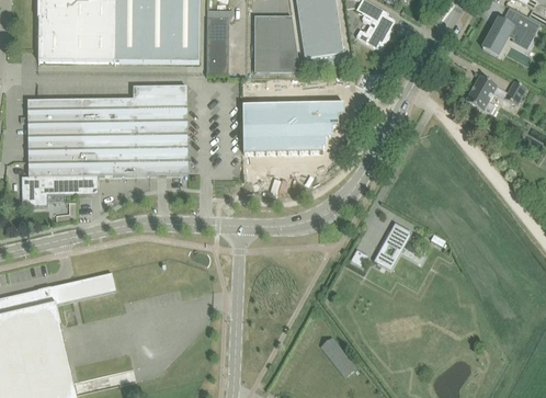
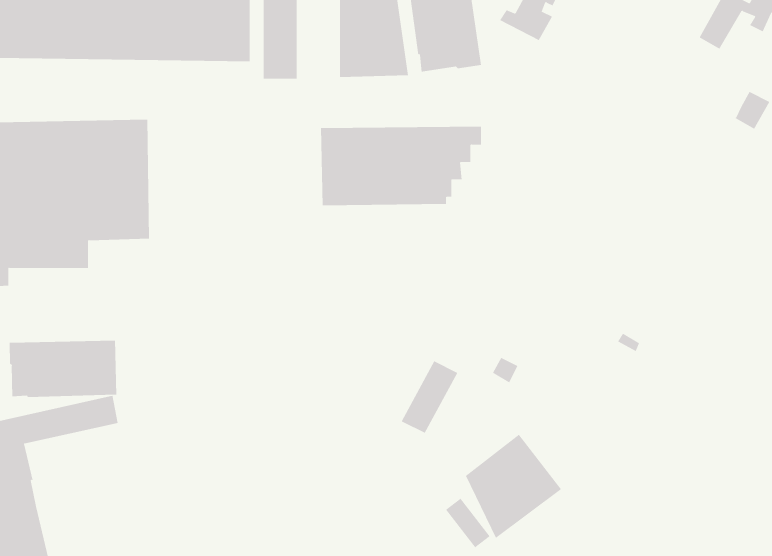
building: [465,73,497,113] -> none
building: [133,84,187,173] -> none
building: [374,220,410,266] -> [401,361,458,434]
building: none -> [9,340,117,398]
building: none -> [465,434,562,539]

